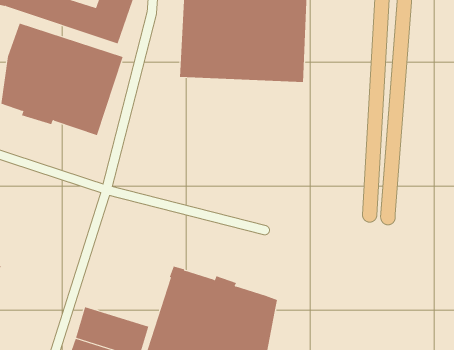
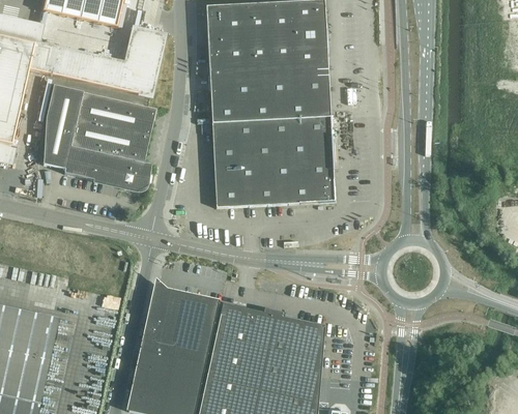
building: none -> [211,116,335,207]
building: none -> [142,288,219,362]

